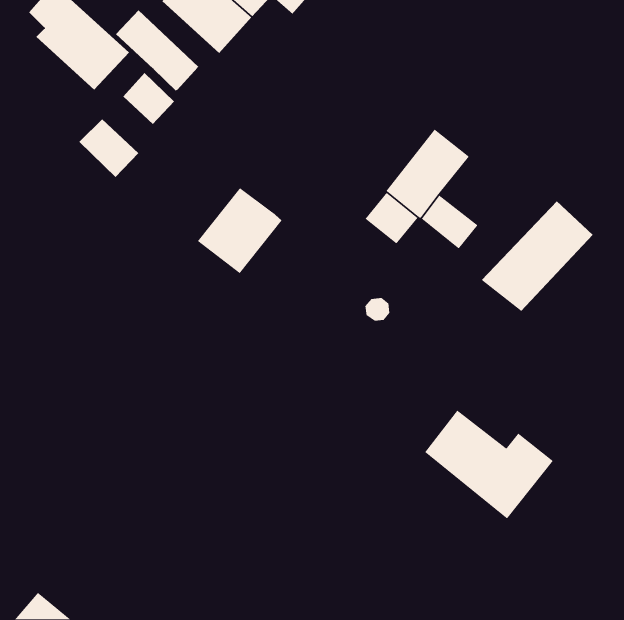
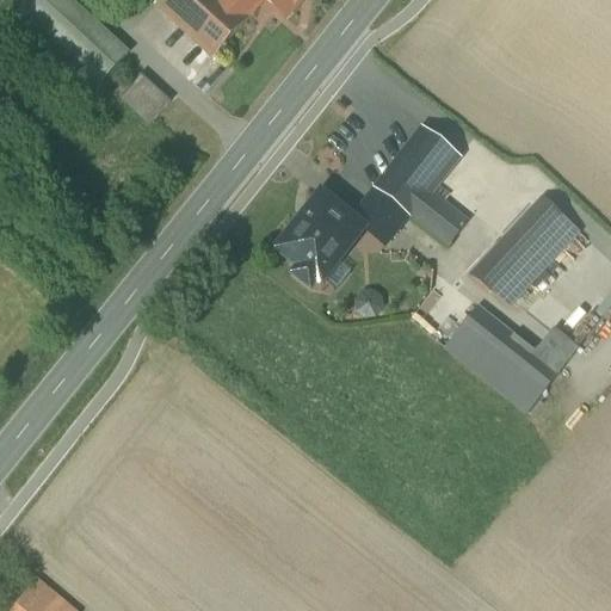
building: [115,9,199,92] -> none
building: [79,118,139,178] -> none
building: [197,187,283,274] -> [278,195,362,279]
building: [424,409,554,519] -> [445,304,572,412]

